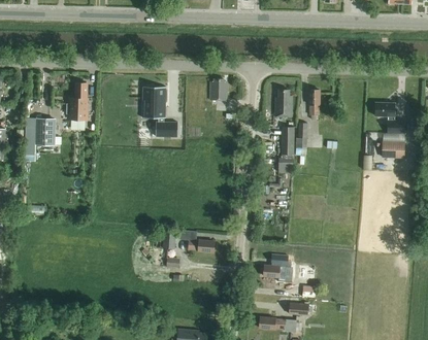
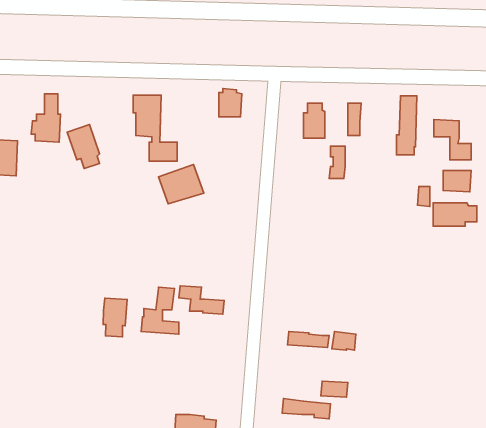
building: none -> [67,125,100,169]
building: [278,127,294,172] -> [397,96,417,155]
building: none -> [158,165,204,204]
building: none -> [433,203,477,226]
building: none -> [103,298,127,337]

